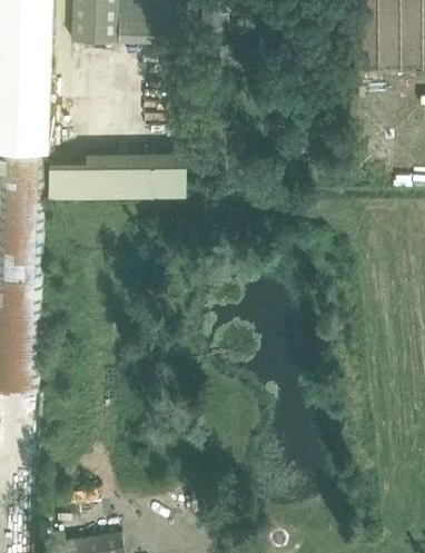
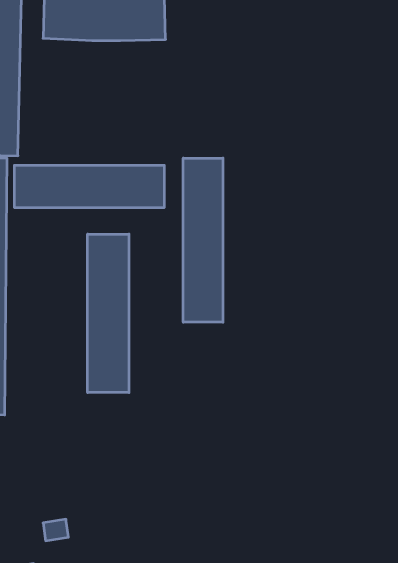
building: none -> [183,158,223,322]
building: none -> [88,234,129,393]

